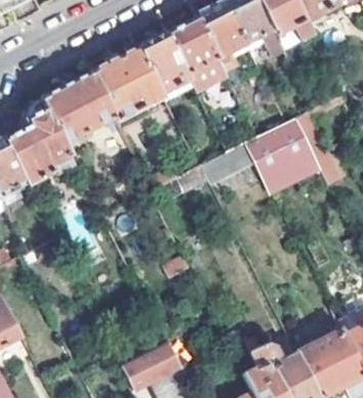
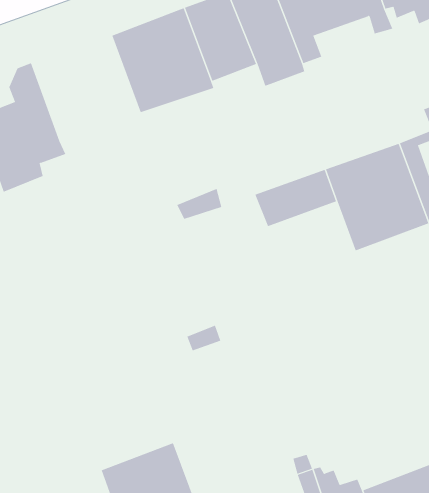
building: [40,71,117,146] -> none

